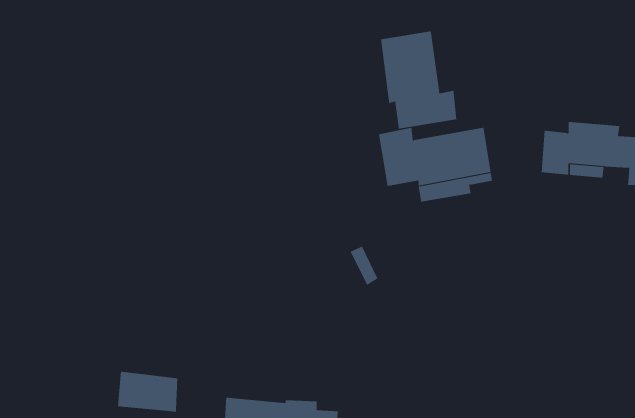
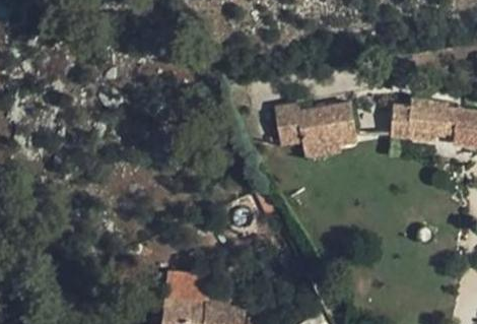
building: [381,31,457,129] -> none
building: [117,371,178,412] -> [164,271,208,301]

